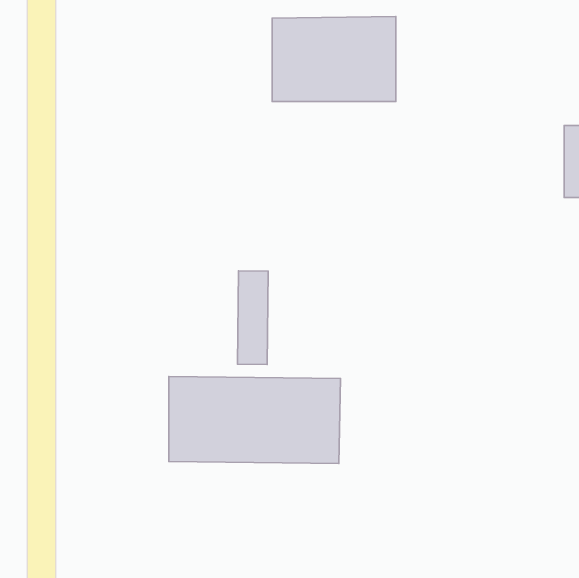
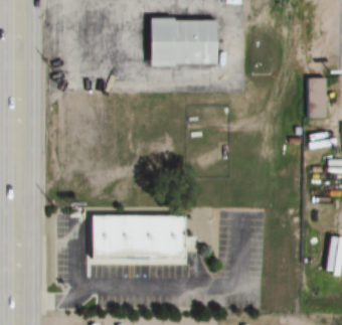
building: [237,271,268,365] -> none

